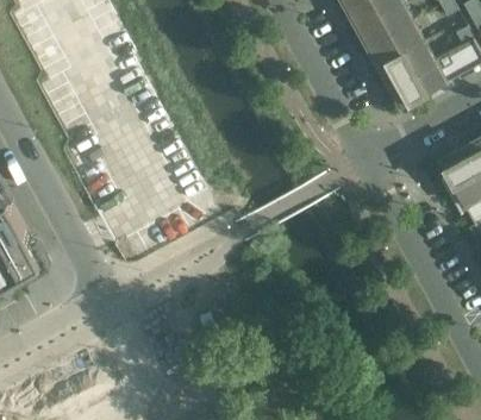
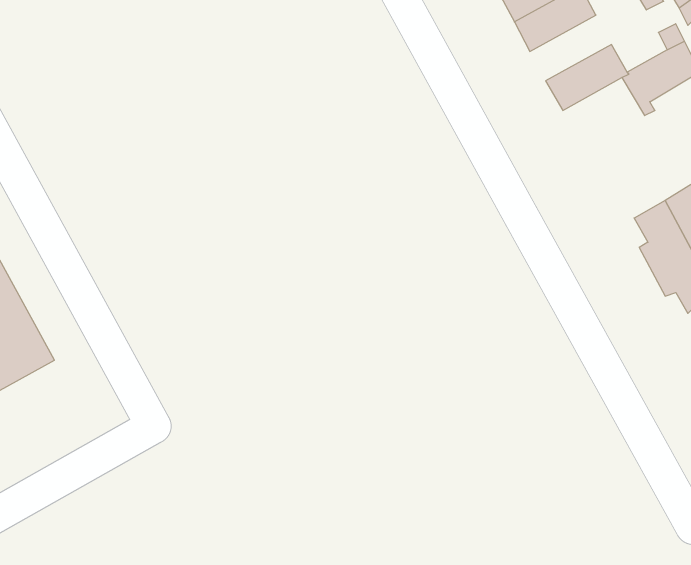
building: [368,27,424,73] -> none
building: [391,70,446,113] -> none

